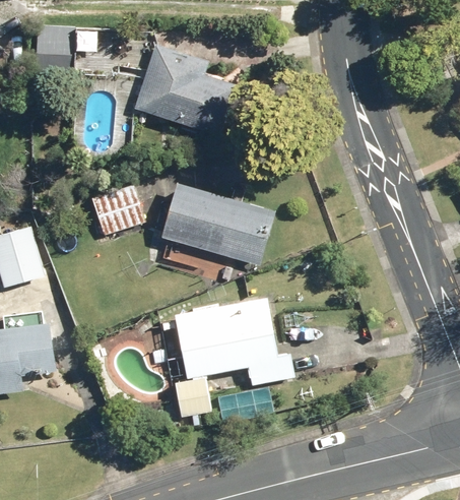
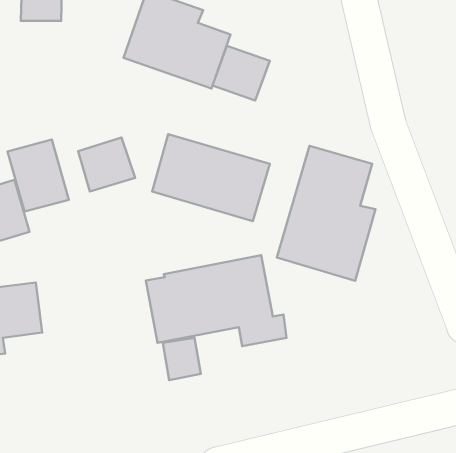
building: none -> [213,46,270,101]
building: none -> [7,140,69,212]
building: none -> [277,146,376,281]

